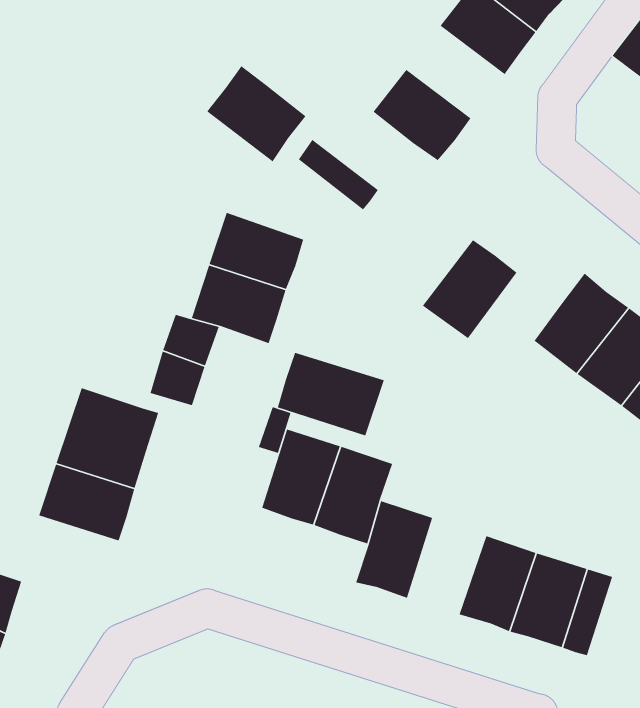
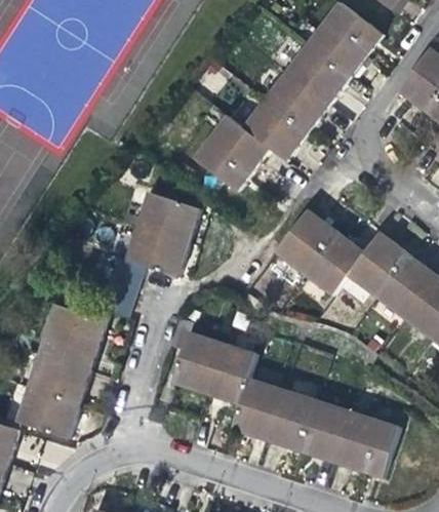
building: none -> [266,71,329,130]
building: [206,65,306,162] -> [205,114,270,176]
building: none -> [306,230,365,293]
building: [277,352,385,436] -> none
building: none -> [17,387,81,438]
building: none -> [267,388,317,450]

